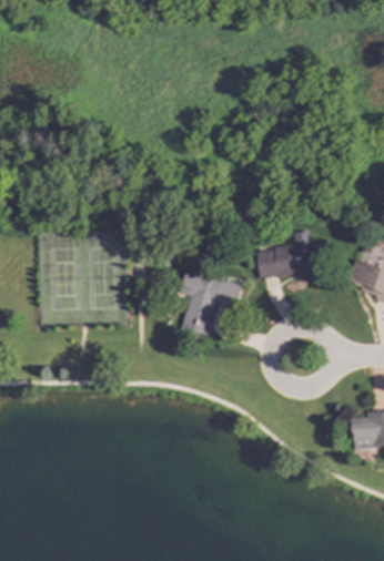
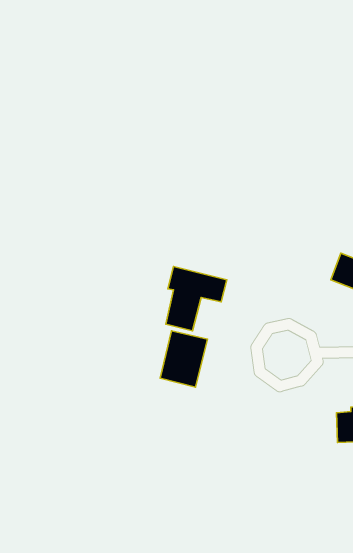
building: [259,233,321,276] -> none
building: none -> [160,331,207,387]

